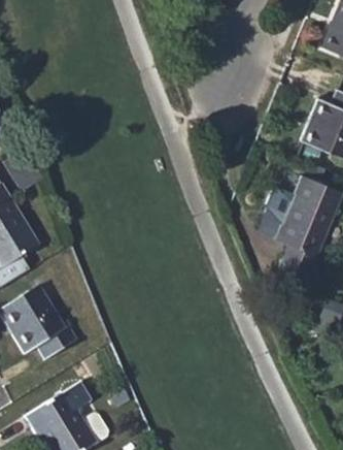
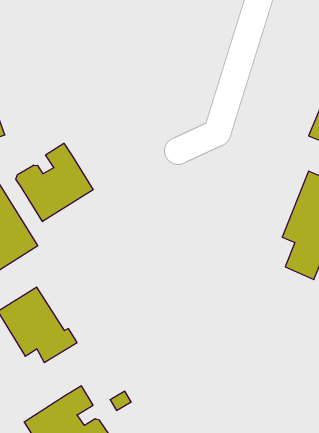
building: none -> [16,143,93,222]

